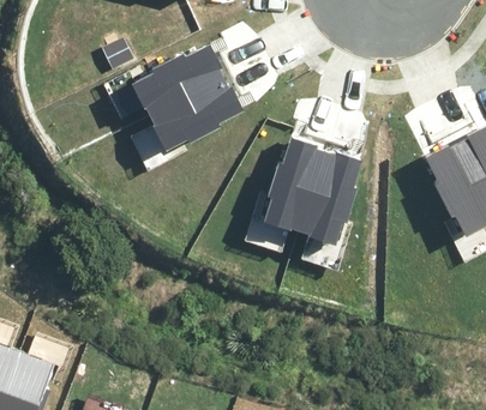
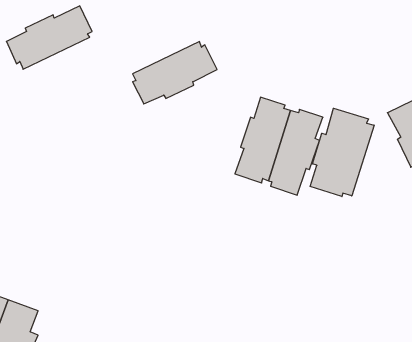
building: [134,46,227,114] -> [6,6,92,69]
building: none -> [310,108,374,197]

